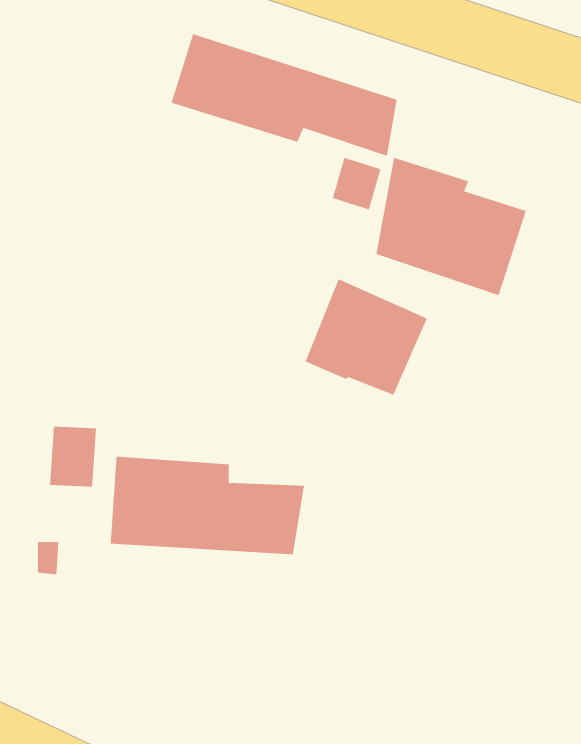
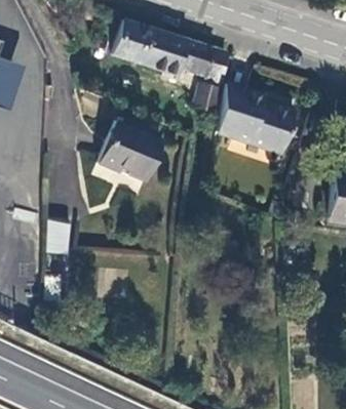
building: [304,278,428,396] -> [100,119,163,179]
building: [110,456,305,555] -> none

